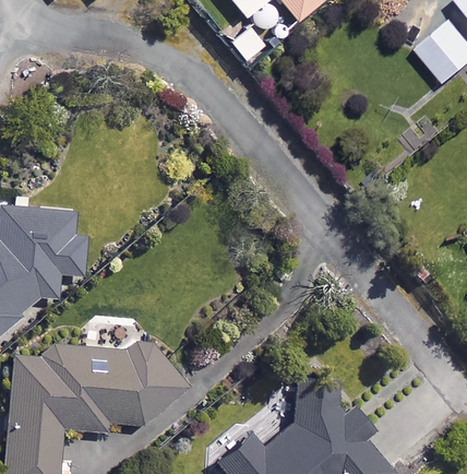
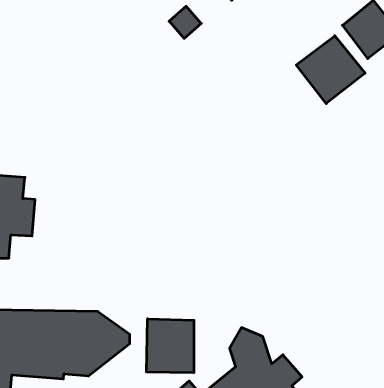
building: none -> [296,36,365,104]
building: none -> [147,319,194,373]

